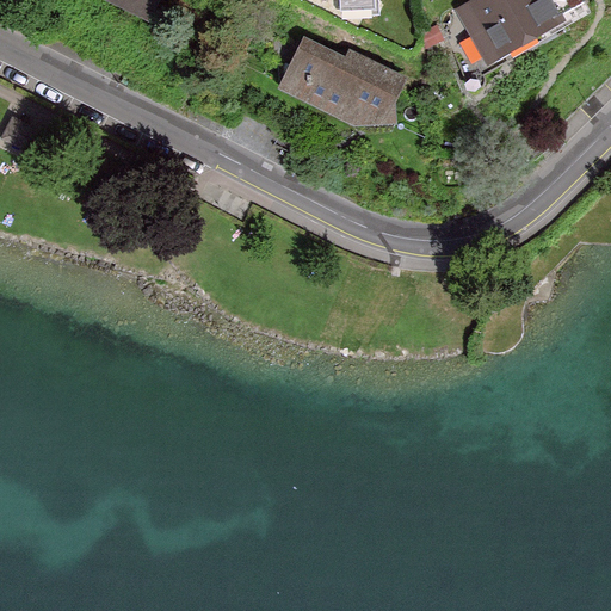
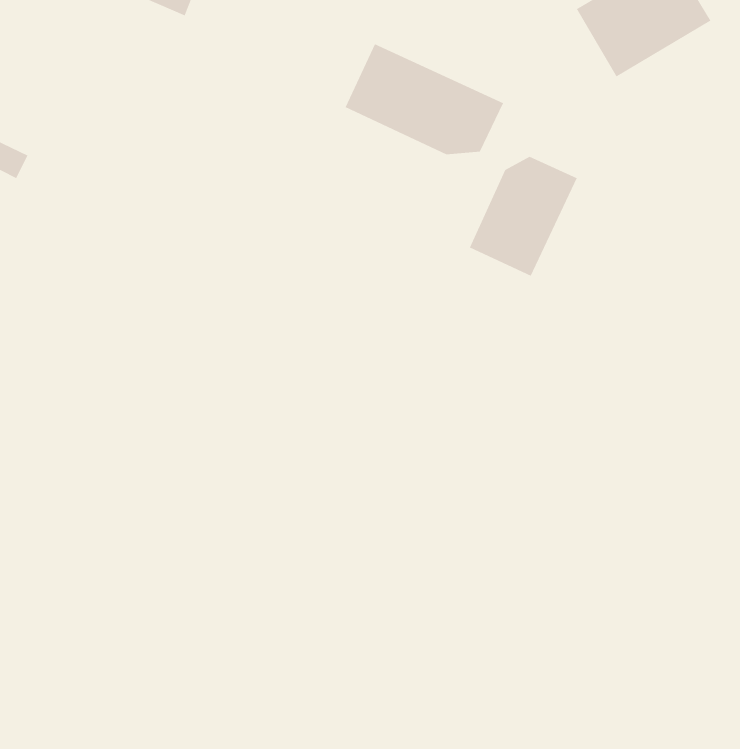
building: none -> [469,156,578,277]

